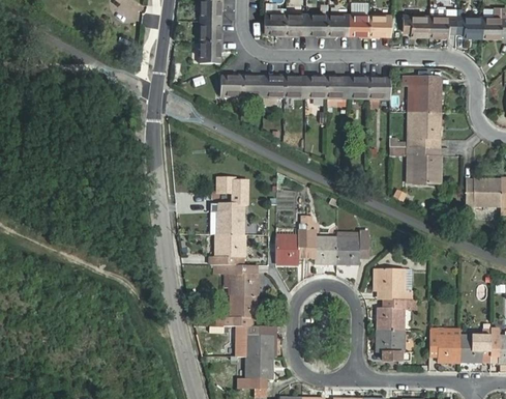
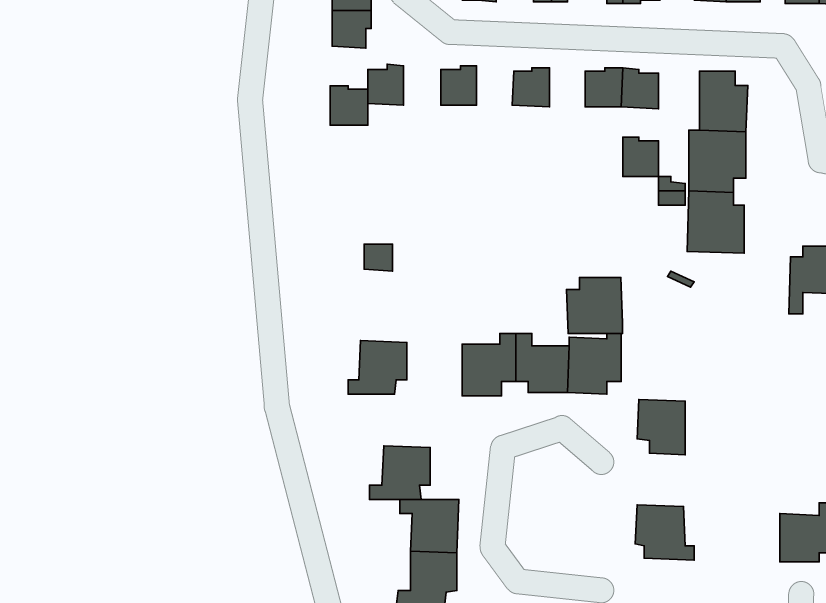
building: [241,74,263,96] -> [330,86,368,125]
building: [284,74,305,96] -> none
building: [326,75,347,97] -> [623,137,658,177]
building: none -> [567,277,622,333]
building: [211,203,243,234] -> none
building: [219,264,257,295] -> none
building: [377,298,416,330] -> none
building: [429,327,459,362] -> none

